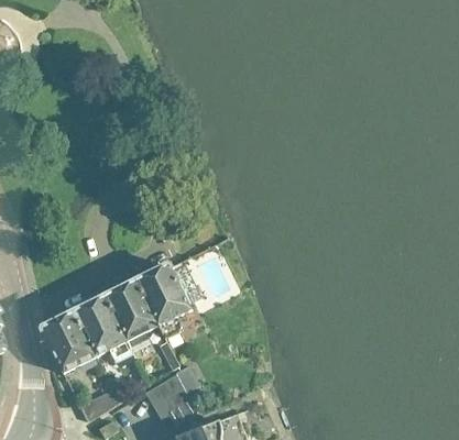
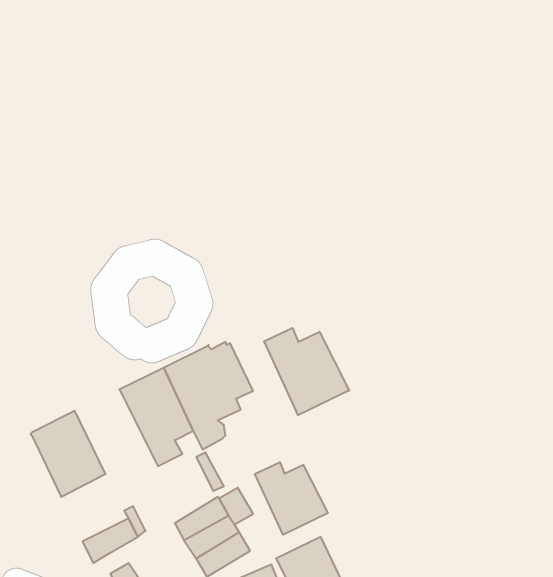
building: none -> [264,328,349,415]
building: [70,296,131,363] -> none
building: none -> [255,462,328,535]

